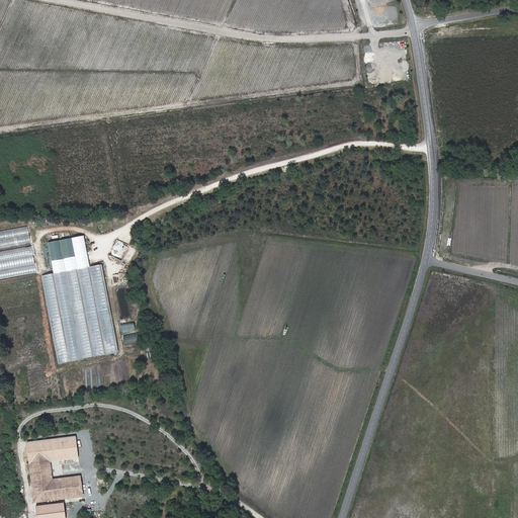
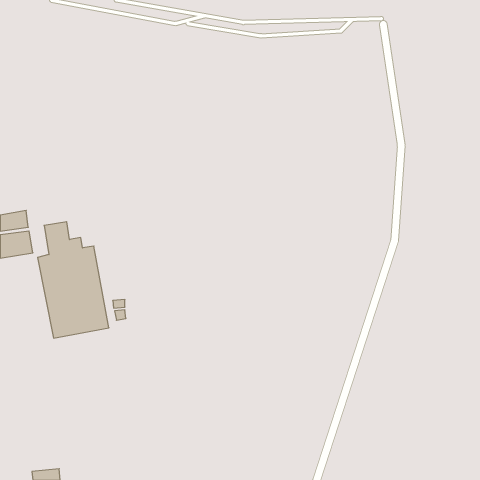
building: [25,434,82,502] -> none

